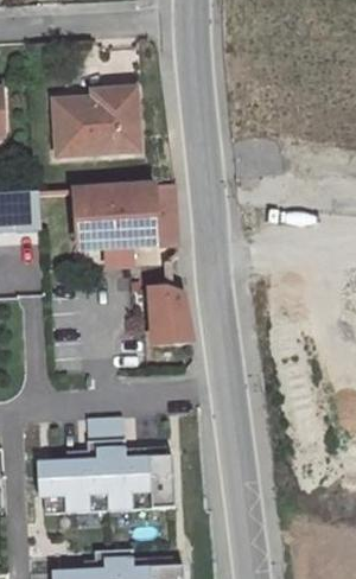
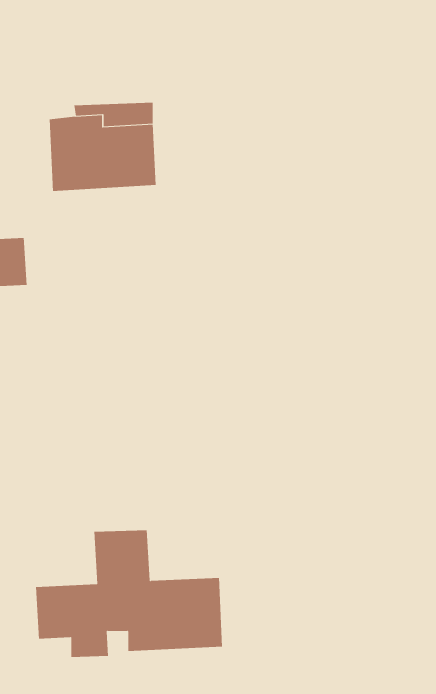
building: [70,184,173,265] -> none
building: [142,287,187,344] -> none

